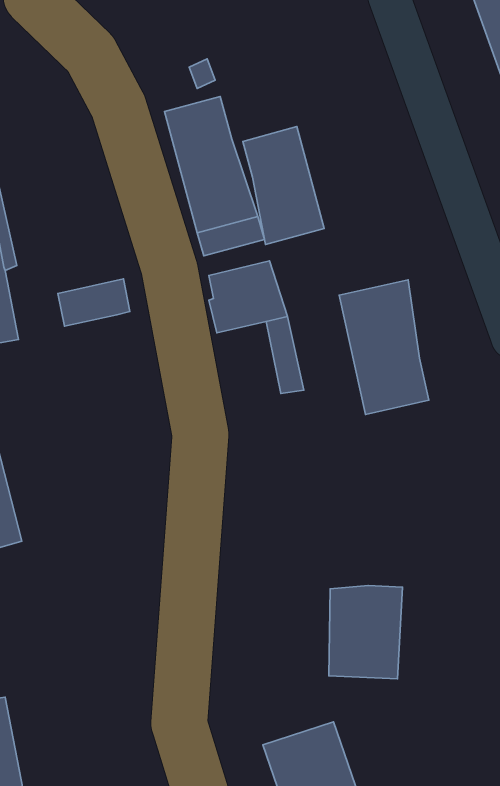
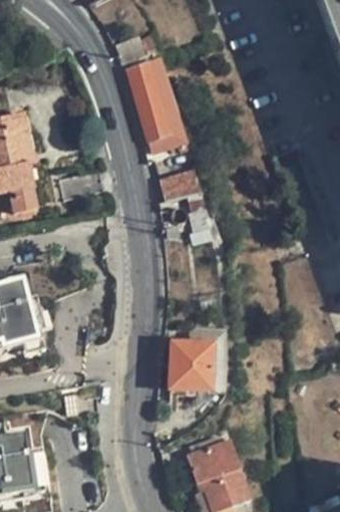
building: [243,127,324,245] -> none
building: [339,280,429,415] -> none
building: [329,585,402,679] -> [171,336,216,394]

